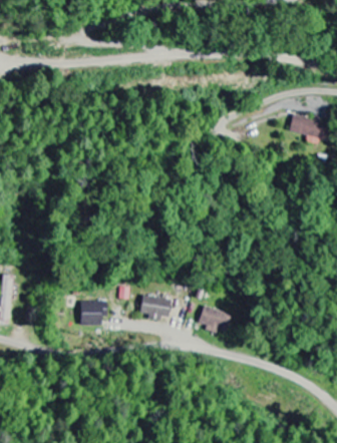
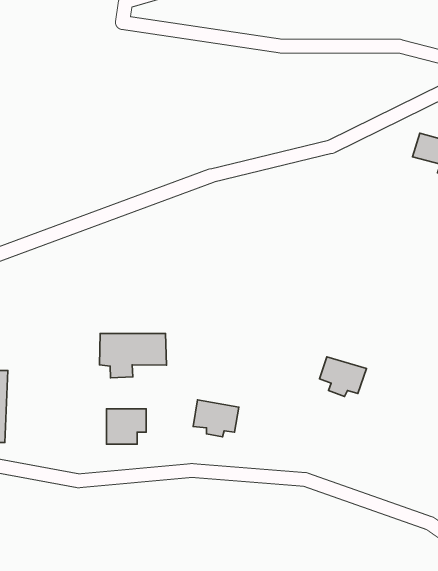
building: none -> [99,334,167,378]
building: [199,306,231,333] -> [320,357,367,396]

